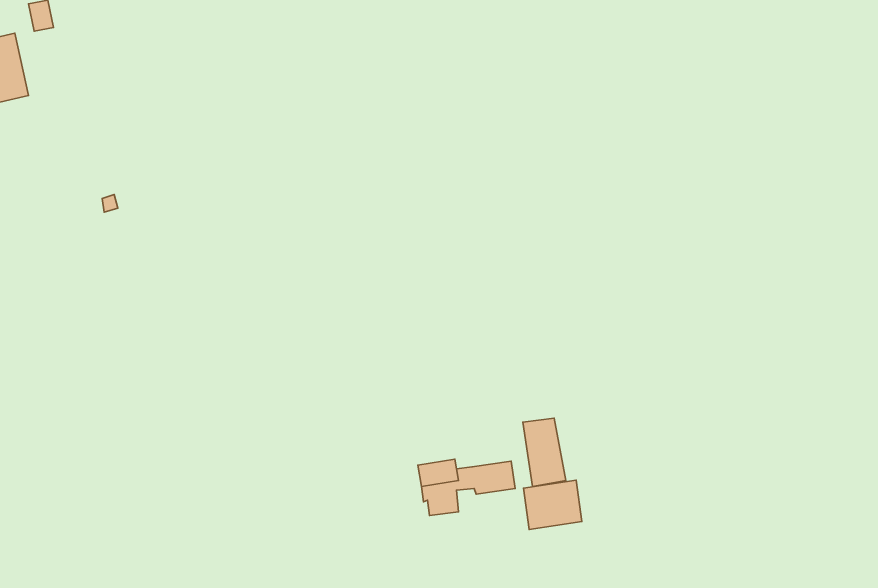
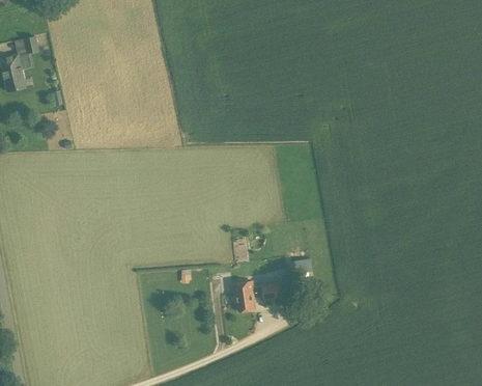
building: [523,480,582,529] -> none

